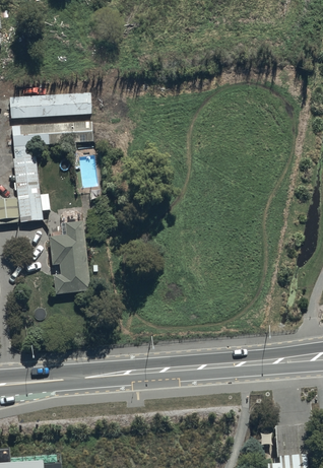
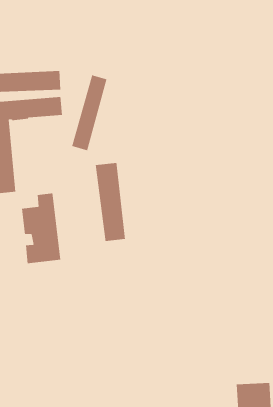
building: none -> [72,74,107,151]
building: none -> [95,162,126,242]

